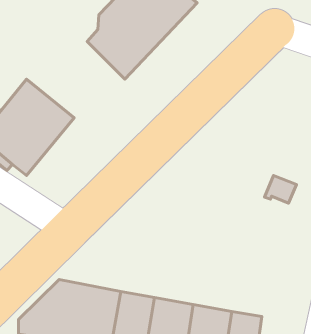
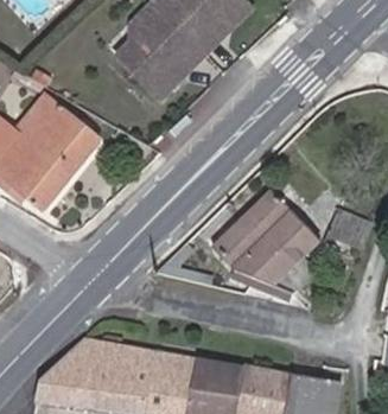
building: none -> [211,190,320,292]

